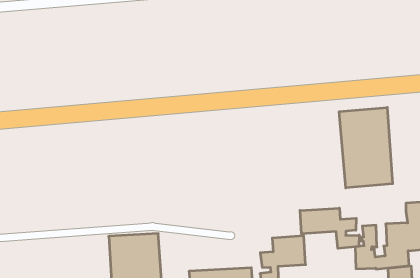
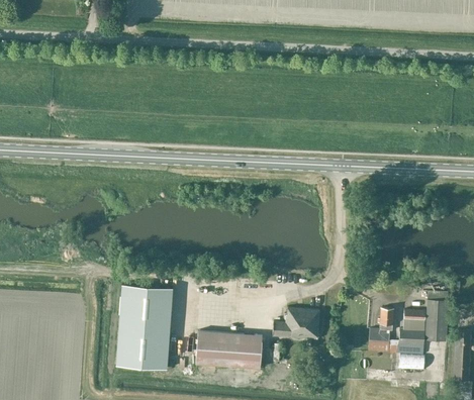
building: [339,107,393,188] -> none
building: [300,208,359,248] -> none

